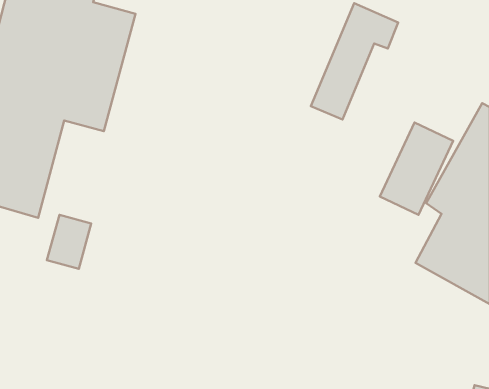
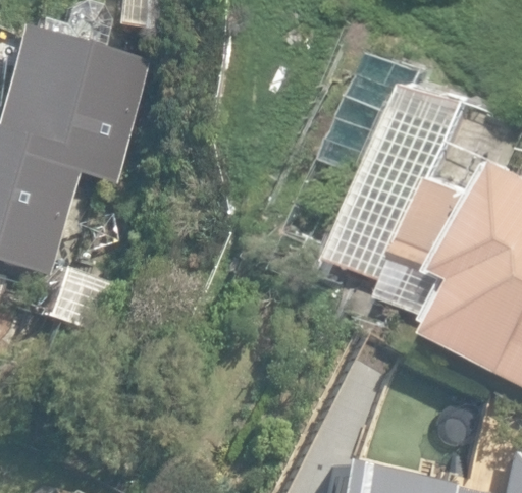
building: none -> [341,81,471,284]

